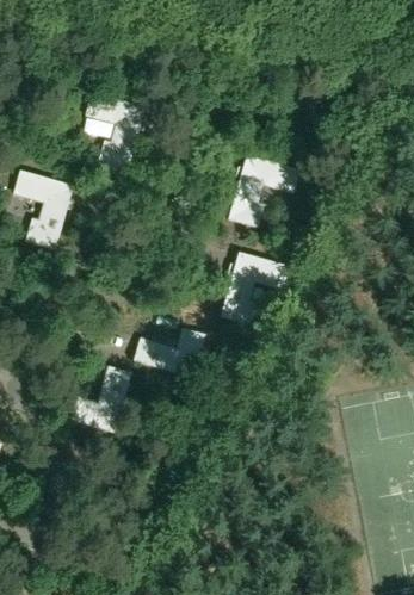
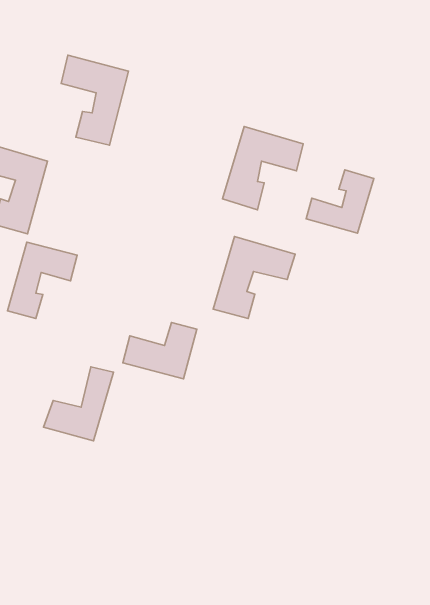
building: none -> [306,170,374,233]
building: none -> [8,242,77,319]

